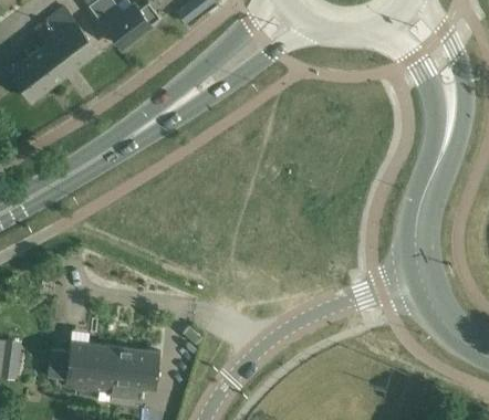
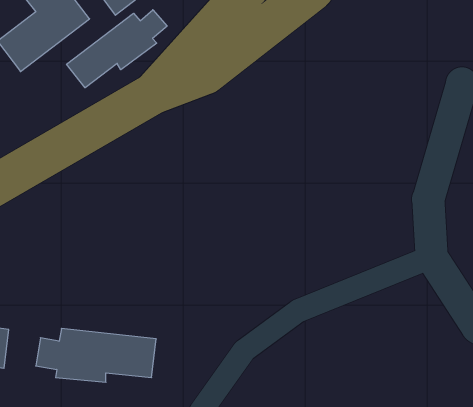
building: none -> [67,10,167,88]

